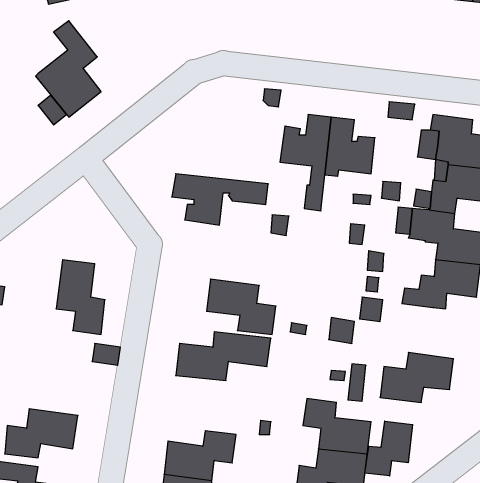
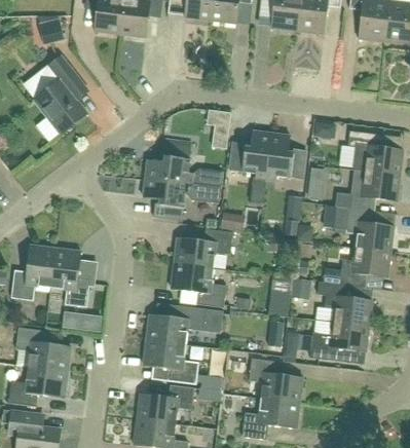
building: none -> [25,66,60,99]
building: none -> [146,144,222,187]
building: none -> [174,228,232,268]
building: none -> [11,245,55,300]
building: none -> [324,283,371,327]
building: none -> [15,327,71,372]
building: none -> [143,340,198,384]
building: [365,421,413,476] -> none

